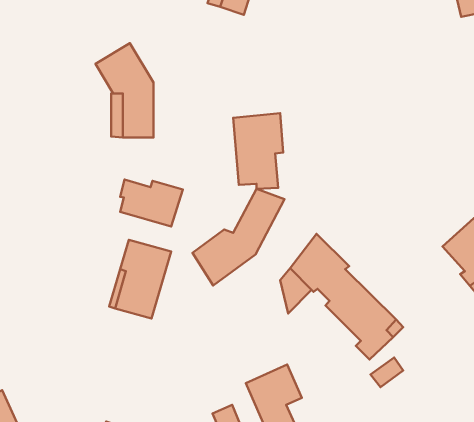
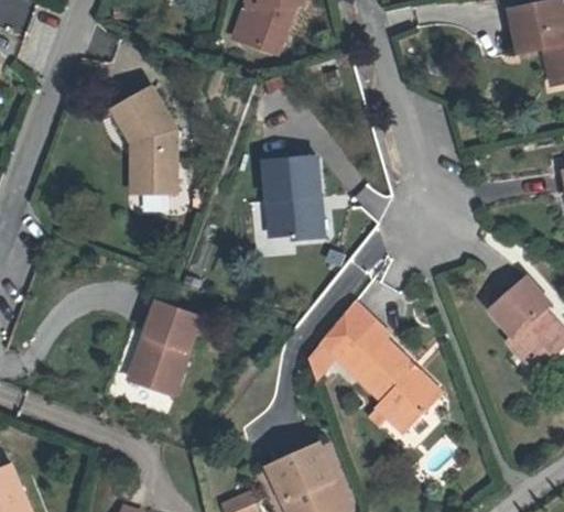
building: [120,180,183,227] -> none
building: [192,189,285,285] -> none

